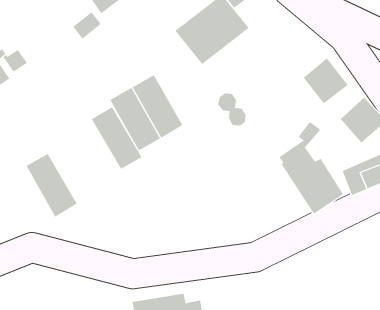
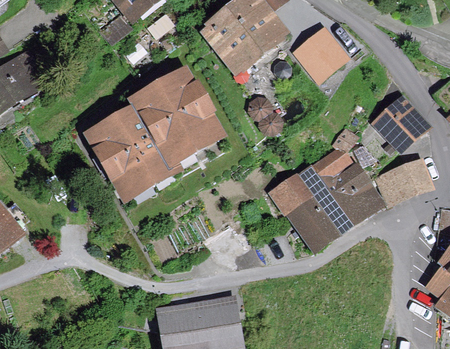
building: [303,58,349,104] -> [298,32,345,80]
building: [26,153,77,217] -> [97,127,150,193]
building: none -> [271,173,349,247]

